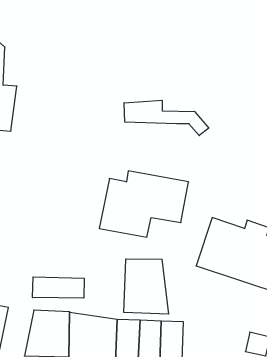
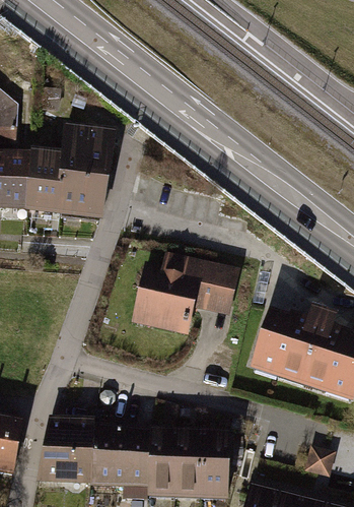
building: none -> [24,126,114,217]
building: [124,100,209,136] -> none
building: [124,259,168,314] -> none
building: [33,277,84,298] -> none

